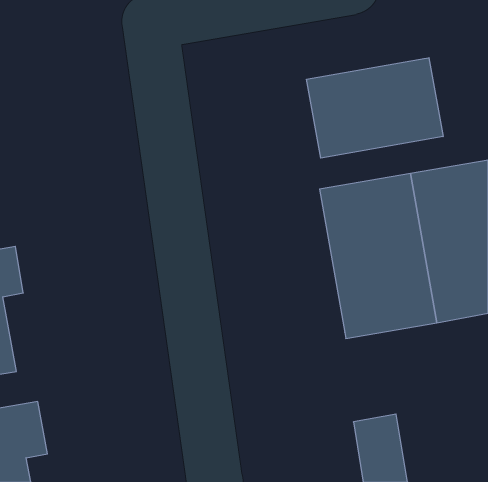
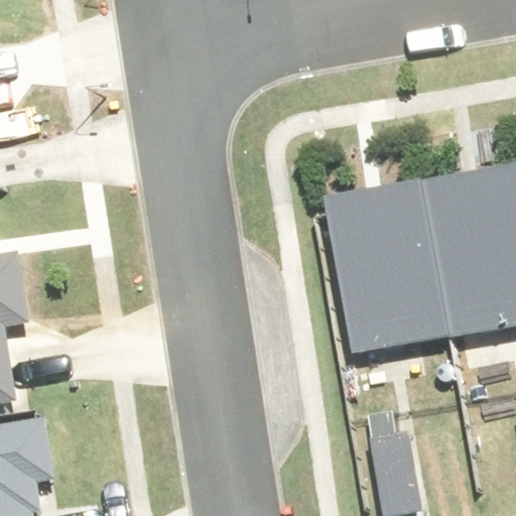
building: [307,58,443,158] -> none

